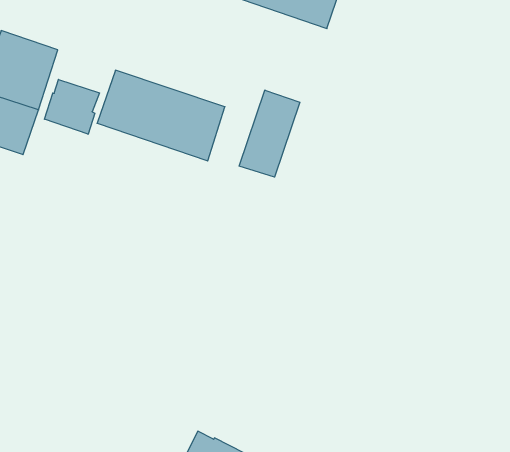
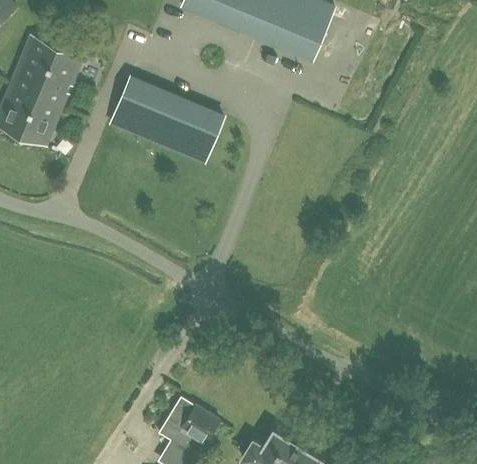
building: [44,79,99,134] -> none
building: [239,90,300,177] -> none

